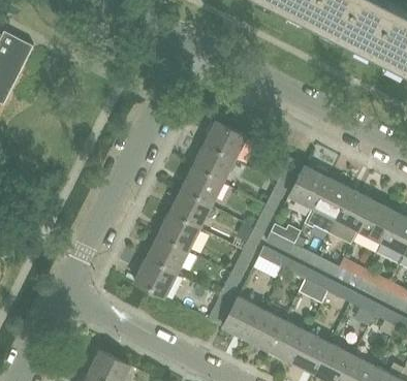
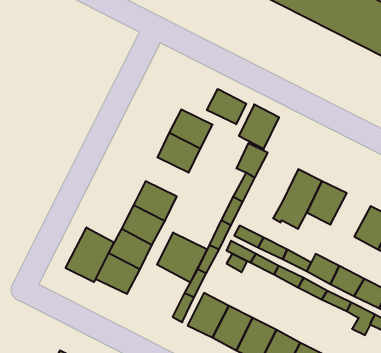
building: none -> [207,89,246,124]
building: [288,165,326,208] -> [239,104,279,149]
building: [181,166,222,203] -> none
building: [357,200,396,242] -> none
building: none -> [66,227,114,282]
building: none -> [157,232,207,283]

